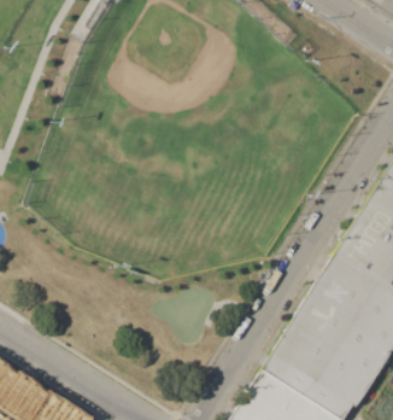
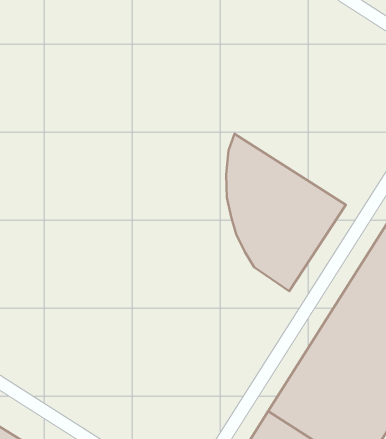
building: none -> [226,134,346,291]

